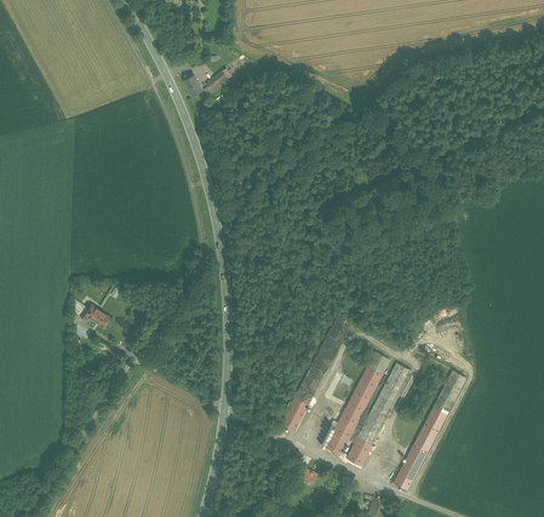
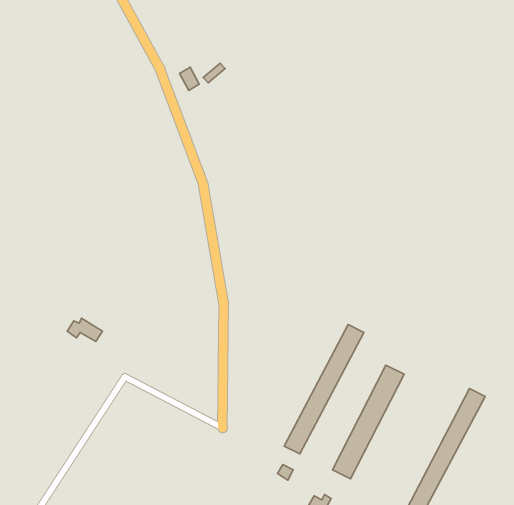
building: [344,361,411,465] -> none

